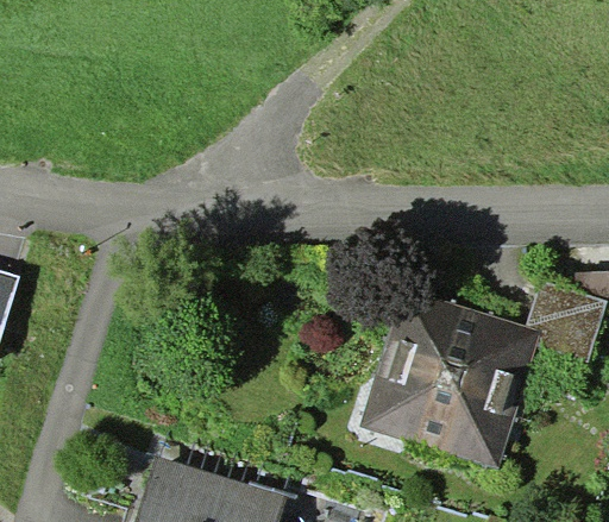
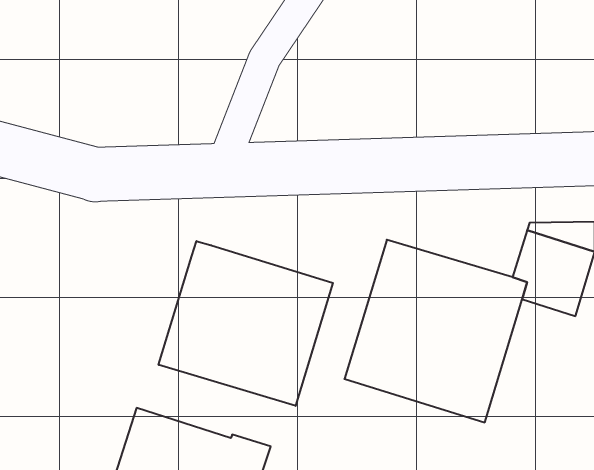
building: none -> [159,241,333,406]

